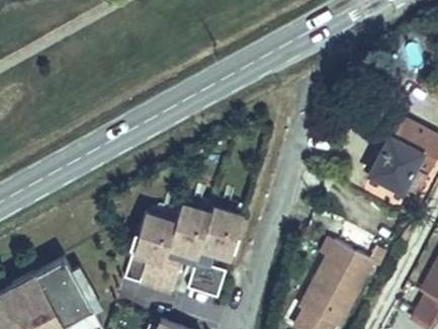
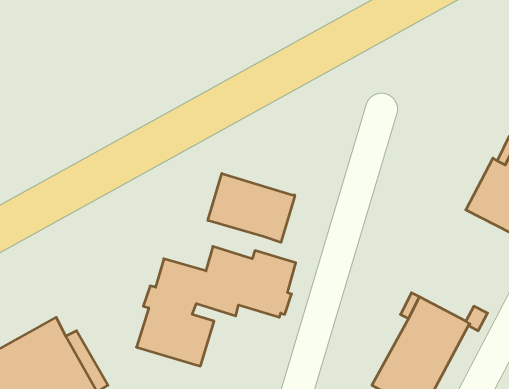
building: none -> [208,173,295,242]
building: [187,261,225,298] -> none

